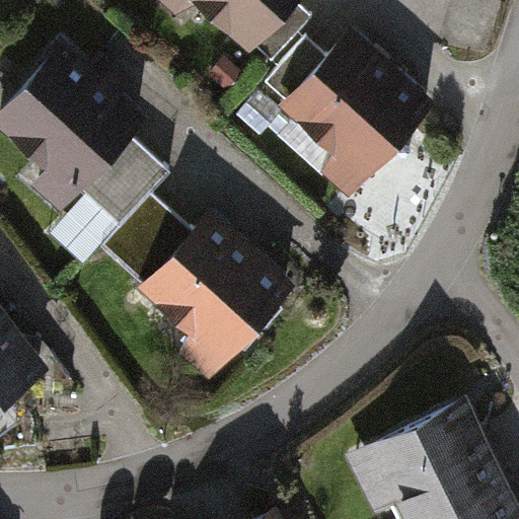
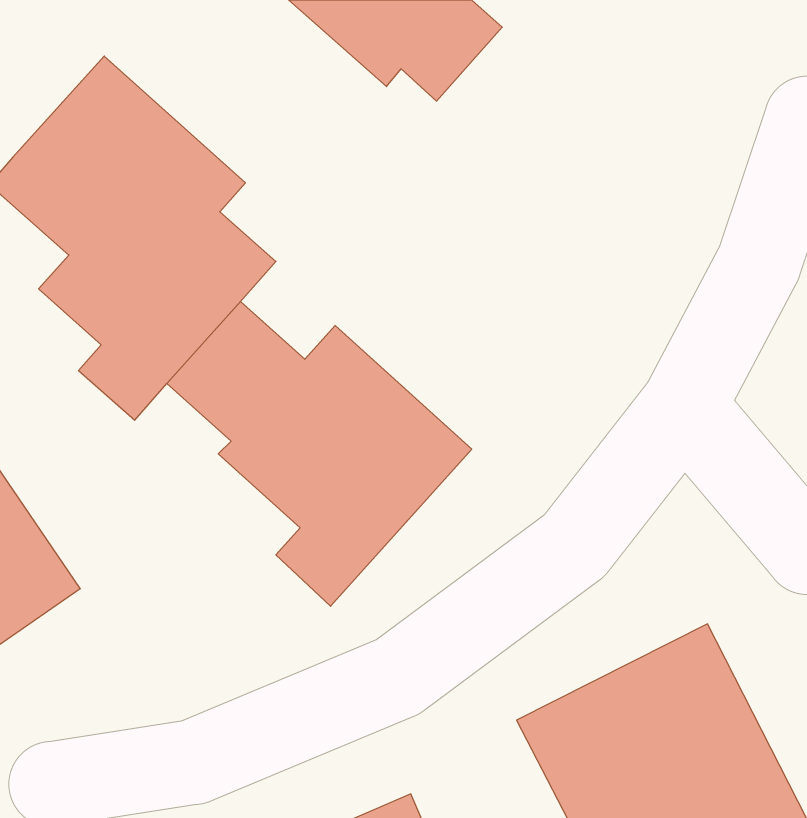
building: [266,22,440,203] -> none

